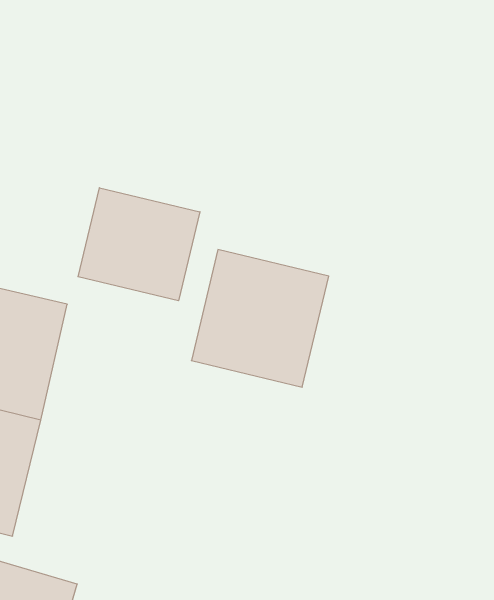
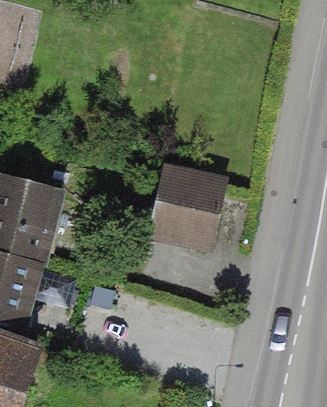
building: [78,188,200,301] -> none

